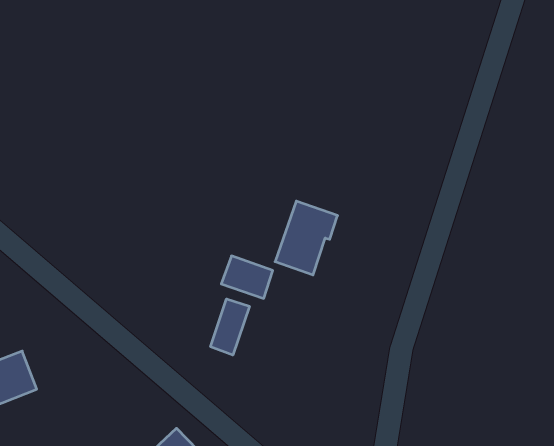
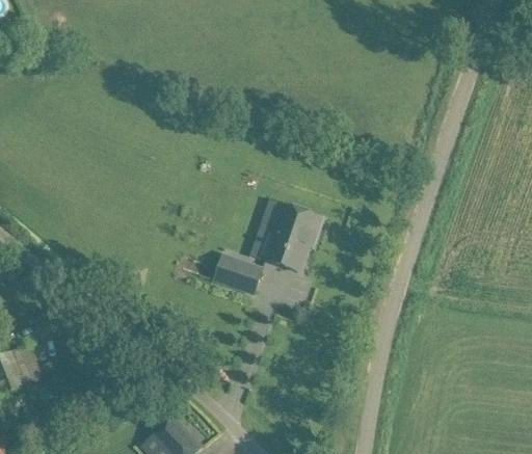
building: [211,299,249,355] -> none

